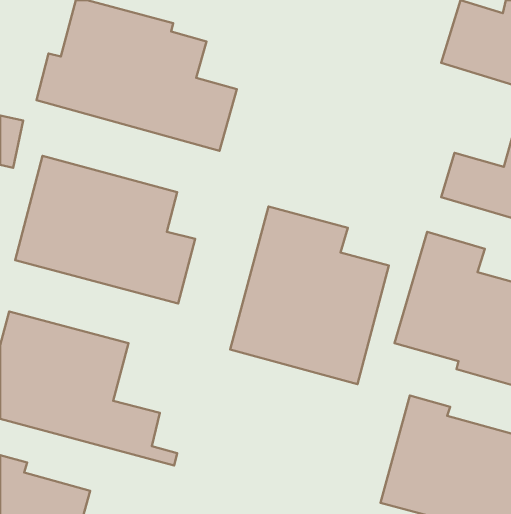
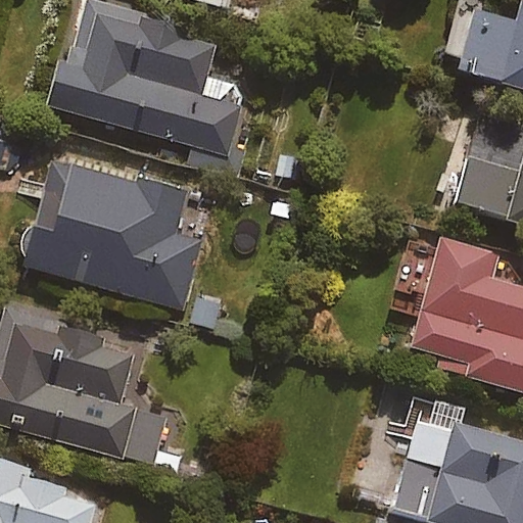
building: [230,206,389,384] -> none

